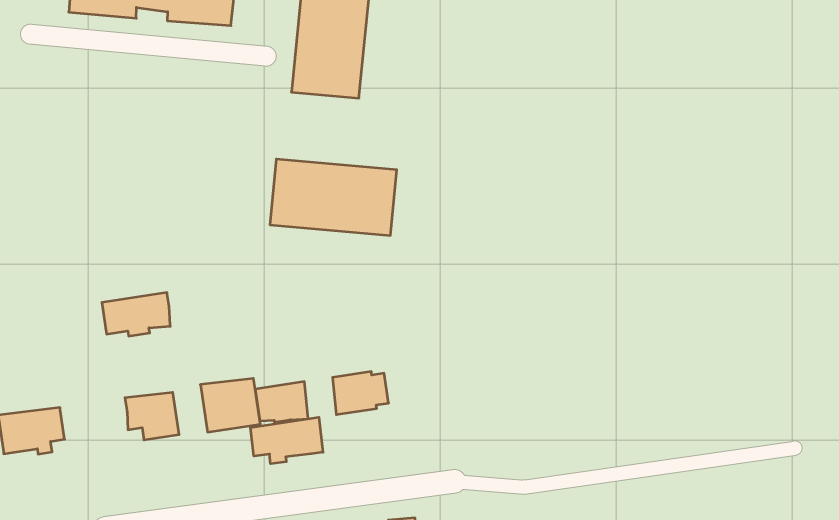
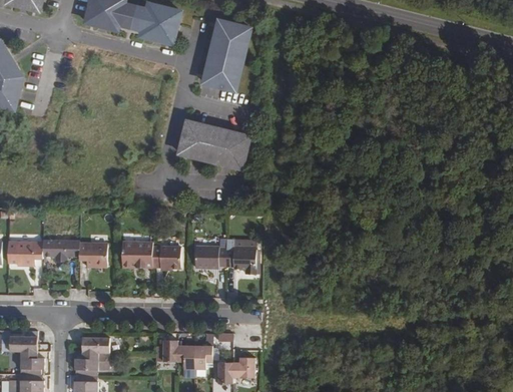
building: [102,293,170,336] -> [43,242,80,263]
building: none -> [226,241,256,275]
building: [251,417,323,464] -> none

